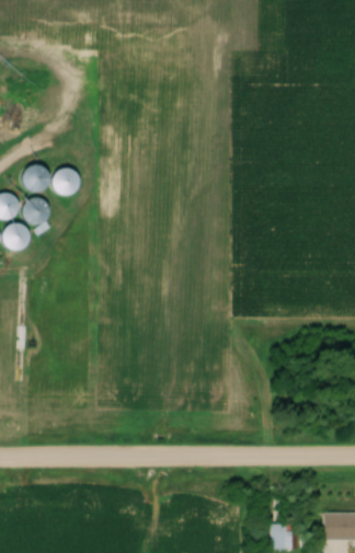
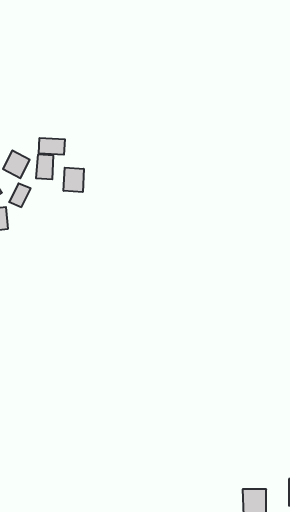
building: none -> [39,138,65,155]
building: none -> [64,168,84,192]

